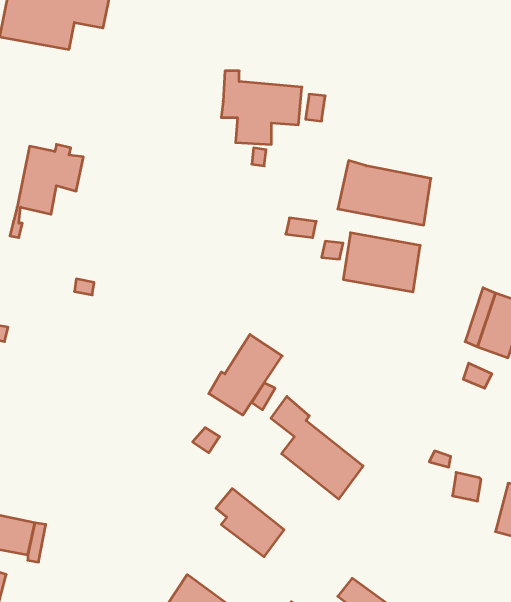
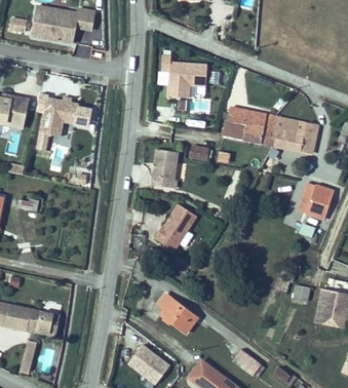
building: none -> [155,147,181,186]
building: [343,233,420,292] -> [276,117,320,151]
building: [271,396,363,499] -> none

